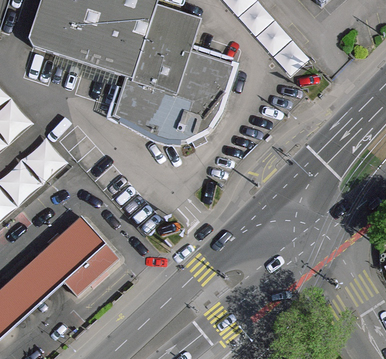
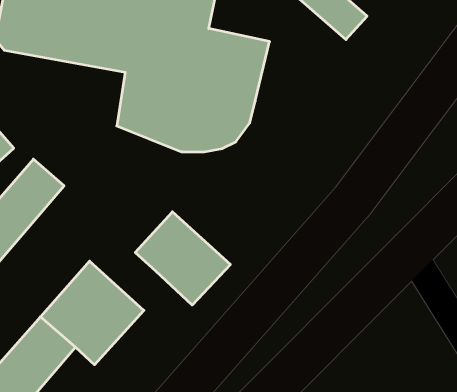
building: none -> [135,212,230,305]

